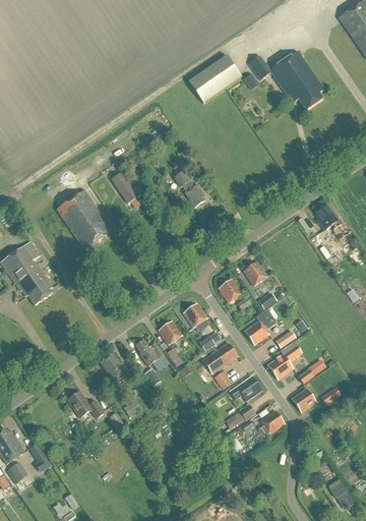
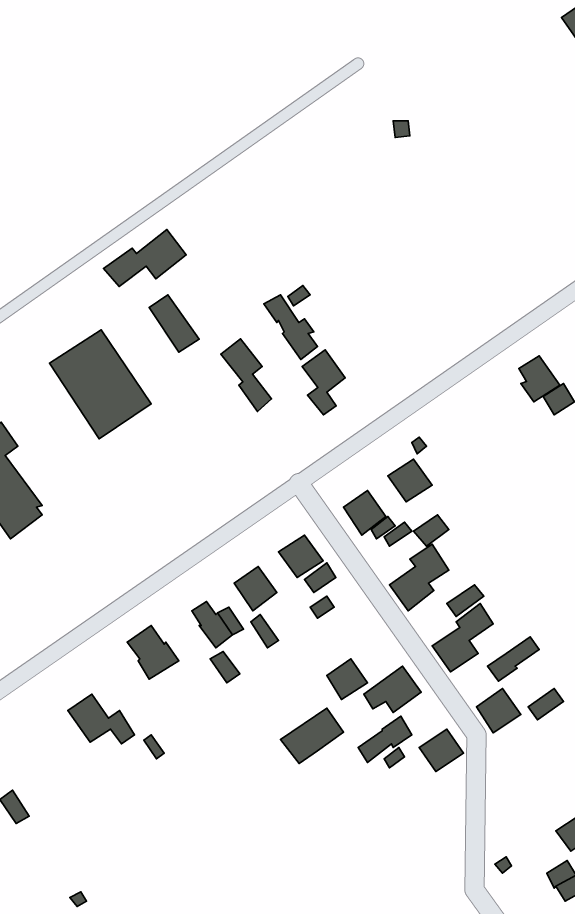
building: [249,51,324,110] -> none
building: [188,56,242,104] -> none
building: none -> [103,229,186,287]
building: none -> [221,339,272,411]
building: none -> [302,350,345,415]
building: [202,343,237,373] -> [281,708,344,764]

